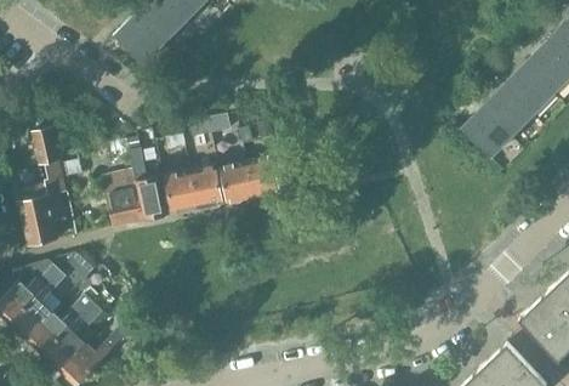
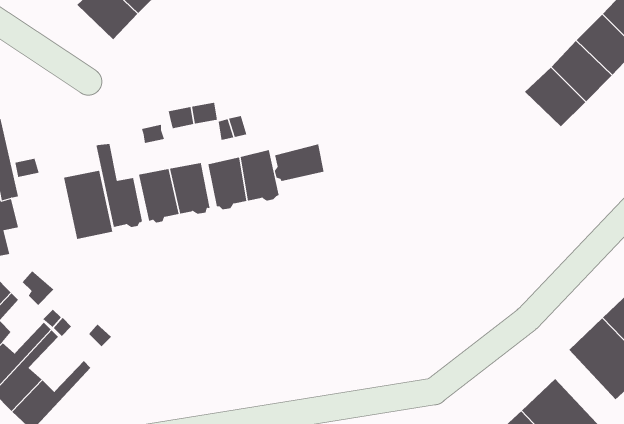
building: [461,107,512,158] -> none
building: none -> [274,143,324,182]

